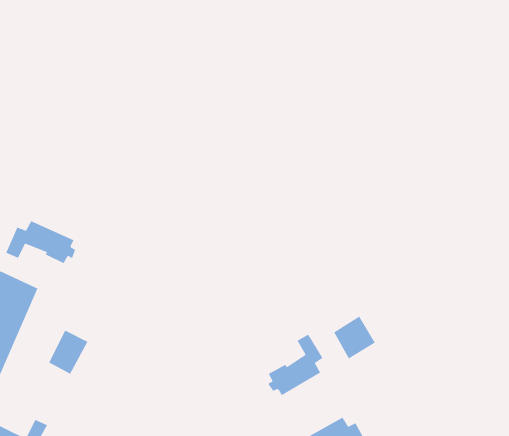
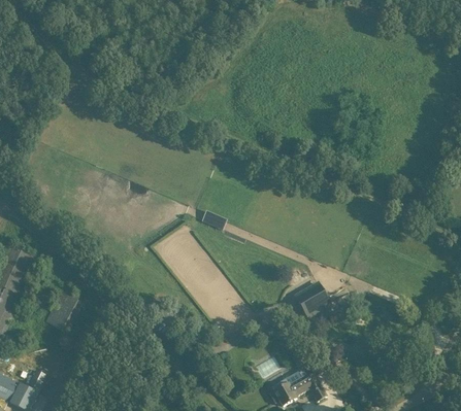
building: [5,220,76,264] -> none
building: [267,334,323,396] -> none

